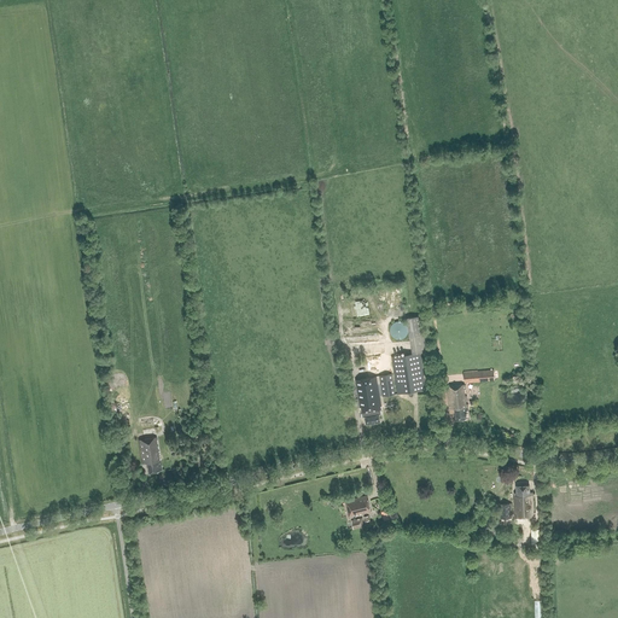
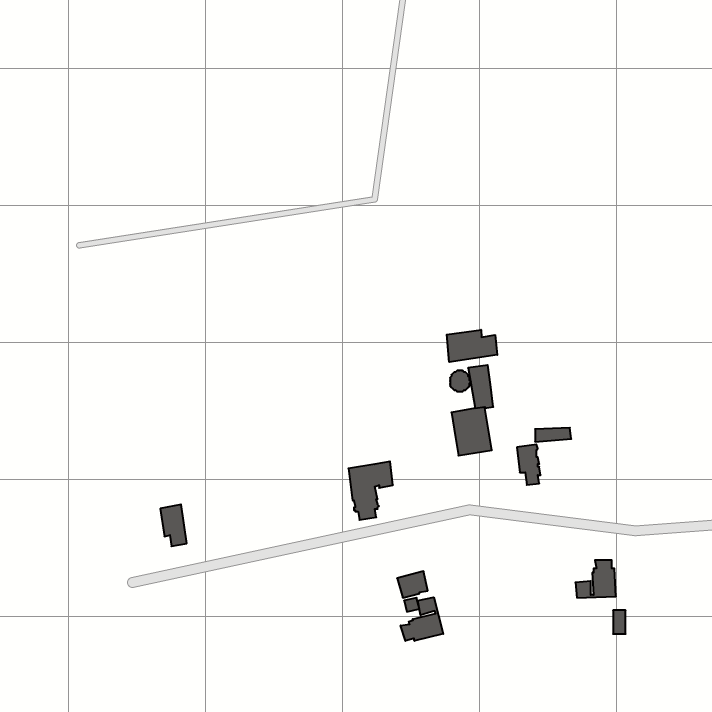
building: none -> [447,330,497,362]
building: [356,374,395,425] -> [348,461,393,520]
building: none -> [401,597,443,641]

